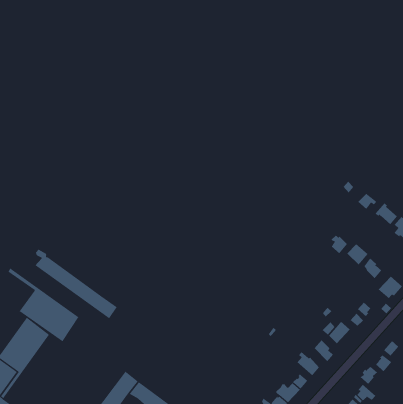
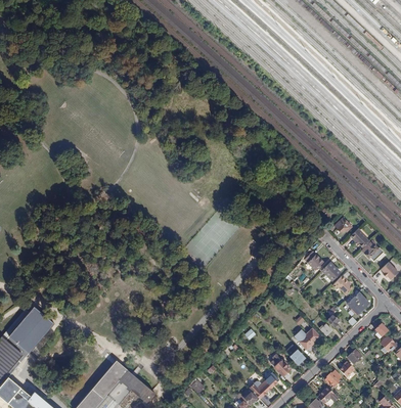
building: [34,249,118,319] -> none
building: [8,268,79,342] -> none

